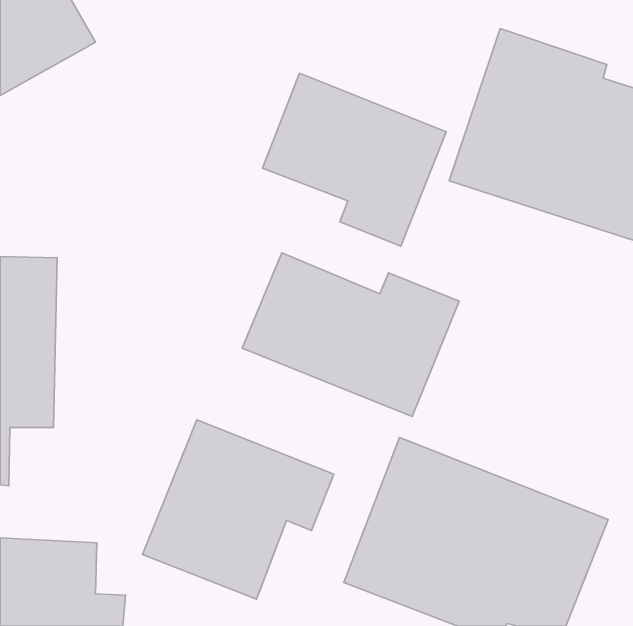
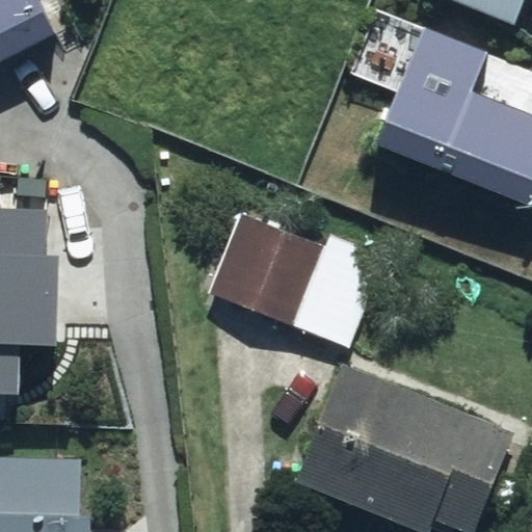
building: [262,73,446,246] -> none
building: [143,420,334,599] -> none

